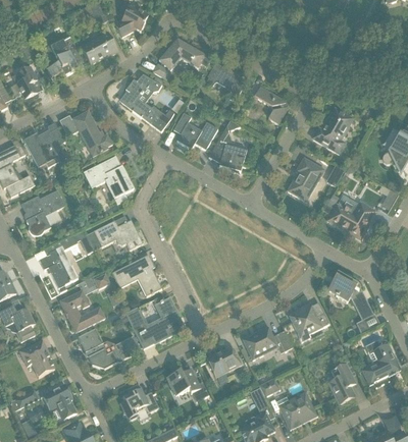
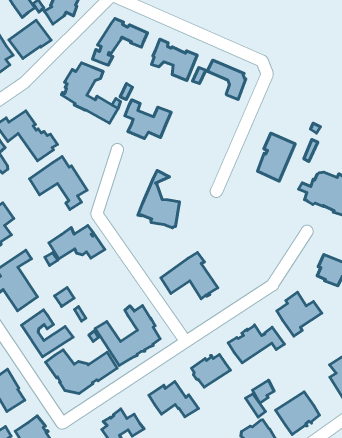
building: [311,108,351,152] -> none
building: [207,118,246,171] -> [138,170,179,228]
building: [111,254,161,295] -> [161,253,218,299]

